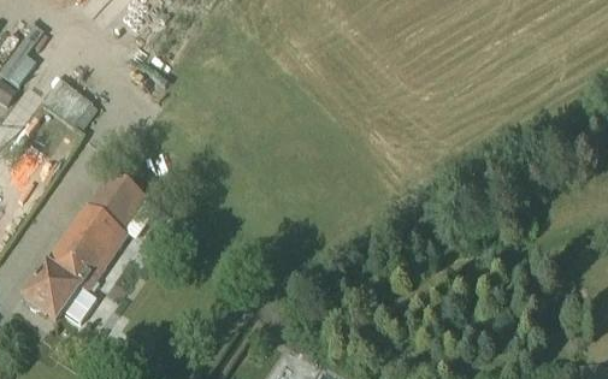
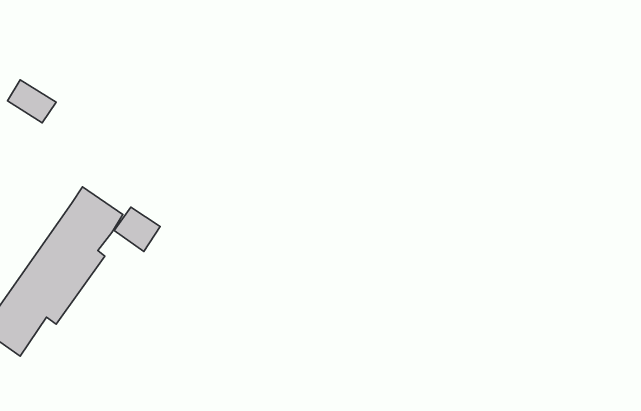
building: none -> [114,207,160,251]

